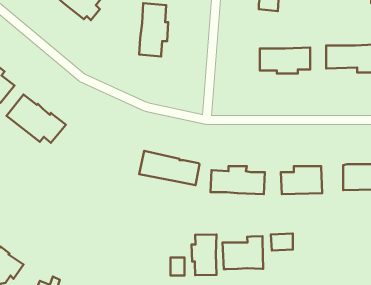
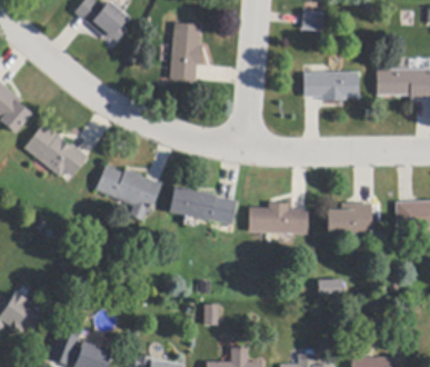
building: none -> [96,165,161,220]
building: [192,234,216,275] -> none
building: [223,236,263,269] -> none

